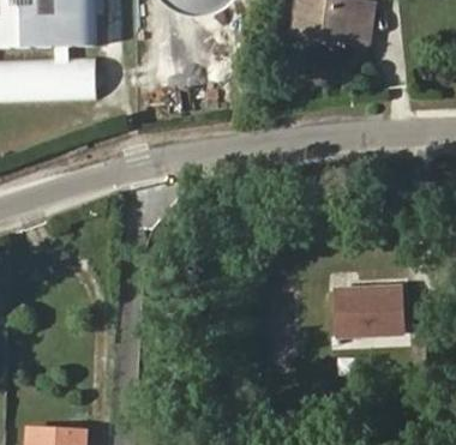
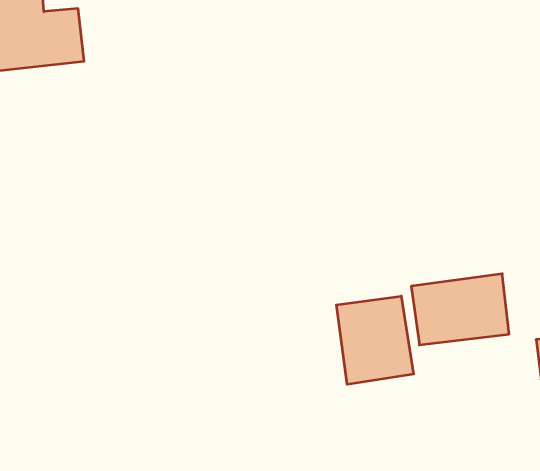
building: none -> [336,296,414,384]

